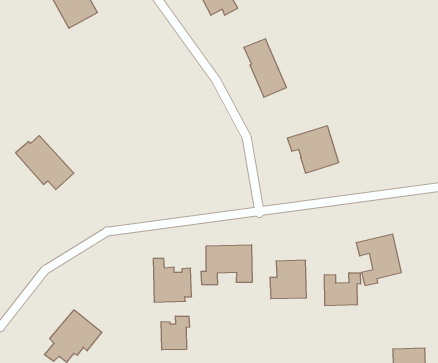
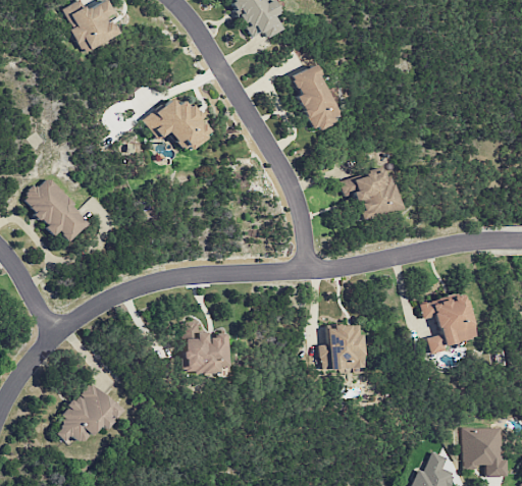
building: none -> [144,98,211,152]
building: [201,245,252,285] -> none
building: [324,273,361,306] -> none
building: [161,316,189,350] -> none

